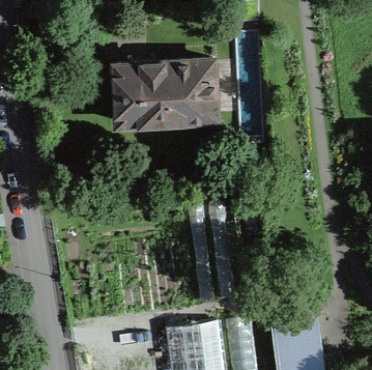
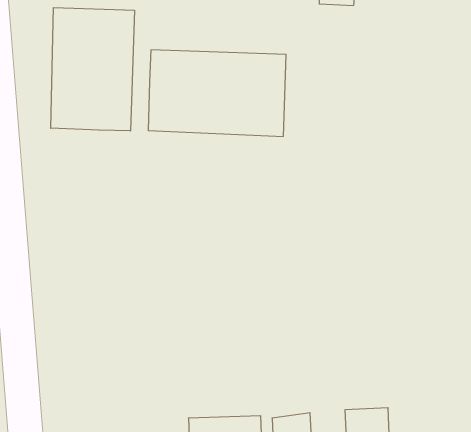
building: none -> [51,8,134,131]

